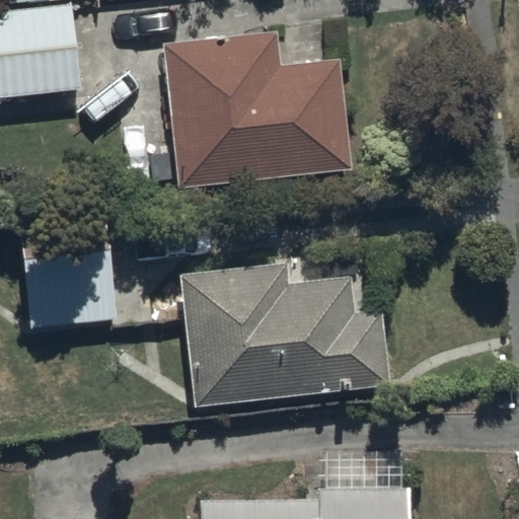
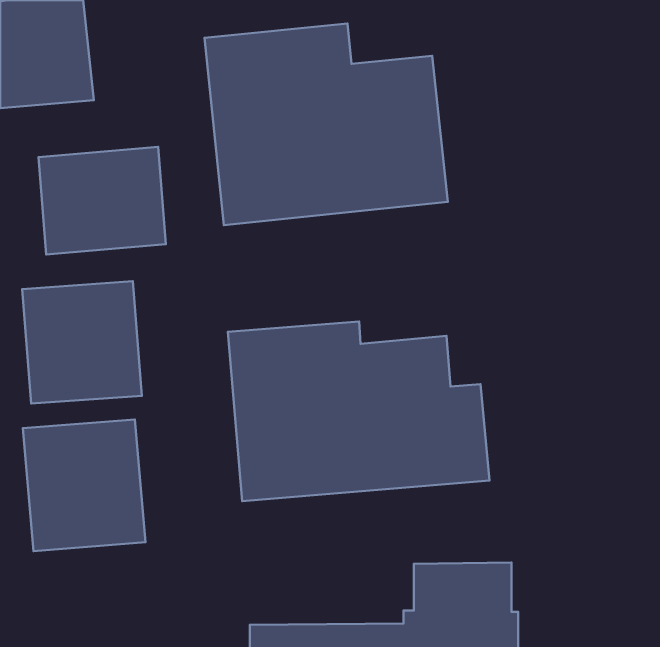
building: none -> [38,147,166,254]
building: none -> [23,419,146,551]

